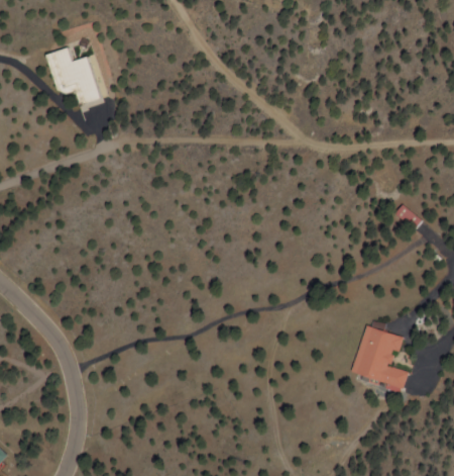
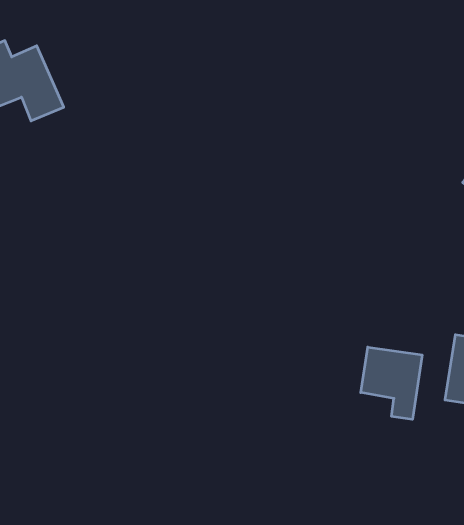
building: none -> [361,347,422,419]

